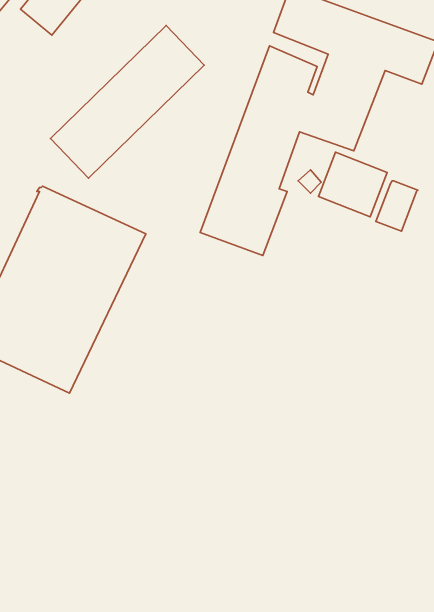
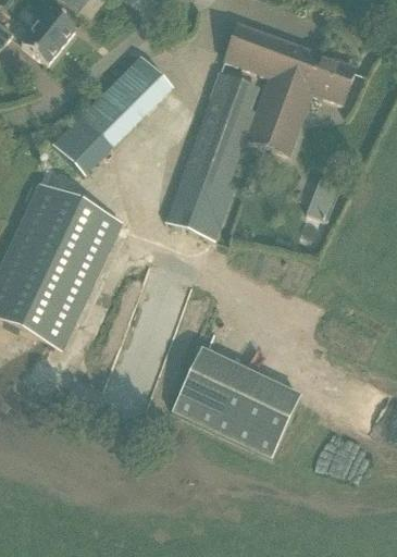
building: [318,152,387,217] -> none
building: none -> [168,347,298,456]

